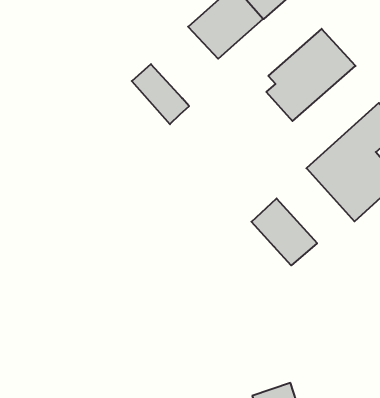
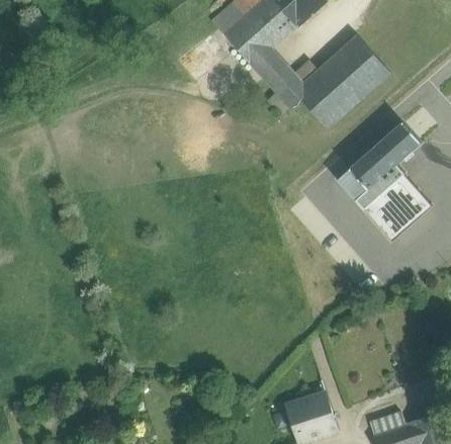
building: [132,64,189,124] -> [252,50,309,110]
building: [251,198,317,265] -> none

